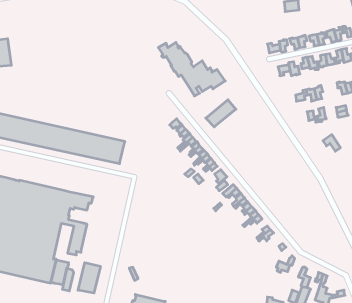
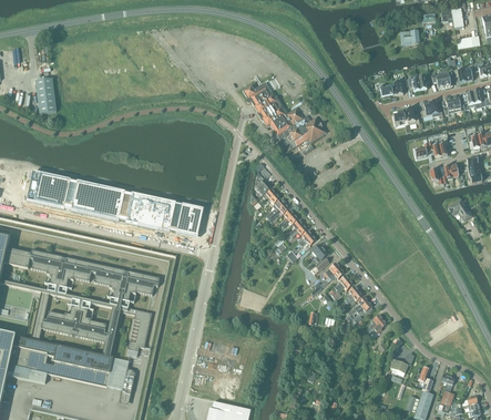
building: [206,100,236,127] -> none
building: [78,263,100,293] -> none

